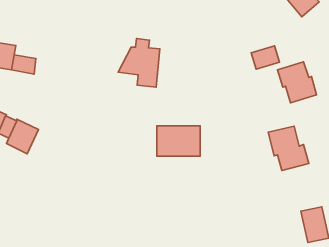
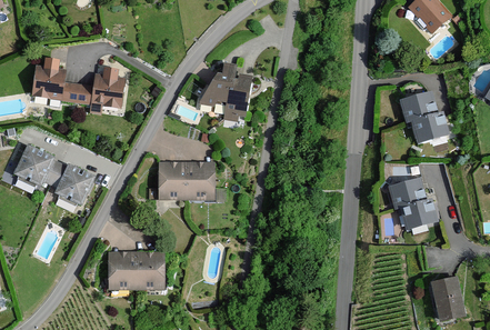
building: [251,46,279,69] -> none
building: none -> [87,73,126,116]
building: [157,126,200,156] -> [157,160,212,199]
building: none -> [106,250,161,290]

